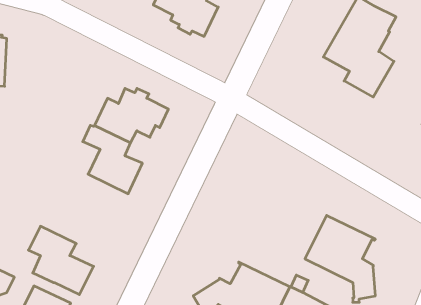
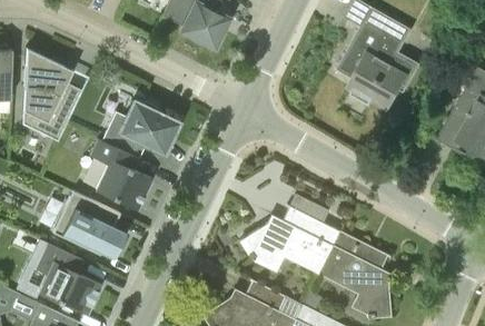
building: none -> [22,47,79,141]
building: none -> [52,190,126,258]
building: none -> [240,205,340,276]

